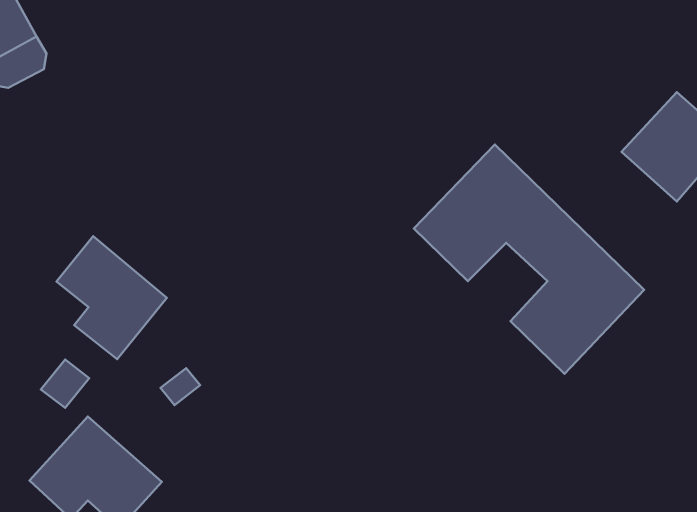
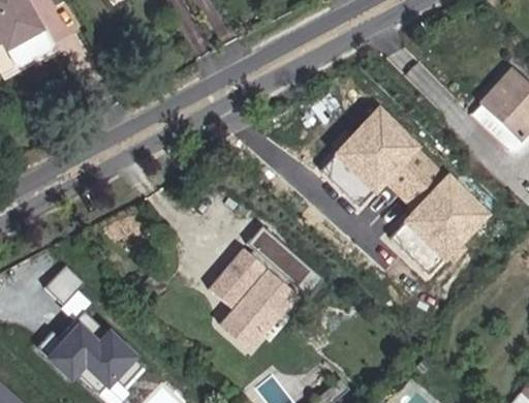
building: [57,236,167,359] -> none
building: none -> [198,231,307,356]

